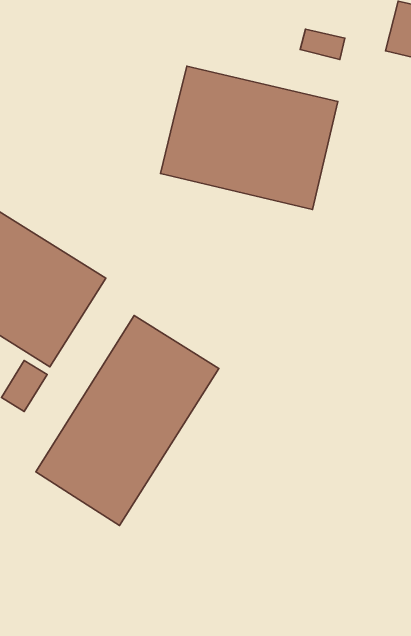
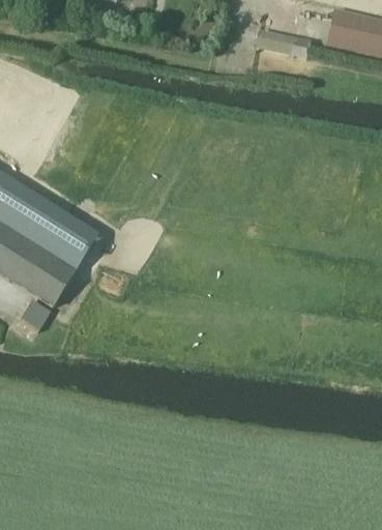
building: [161,66,338,210] -> none
building: [36,315,219,525] -> none

